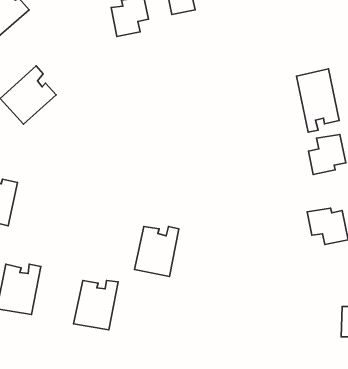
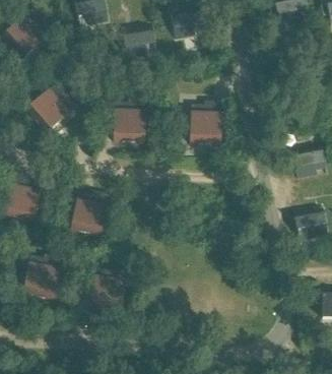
building: [297,69,339,132] -> none
building: none -> [114,101,145,142]
building: none -> [191,103,221,145]
building: [134,226,179,277] -> [70,193,109,237]

